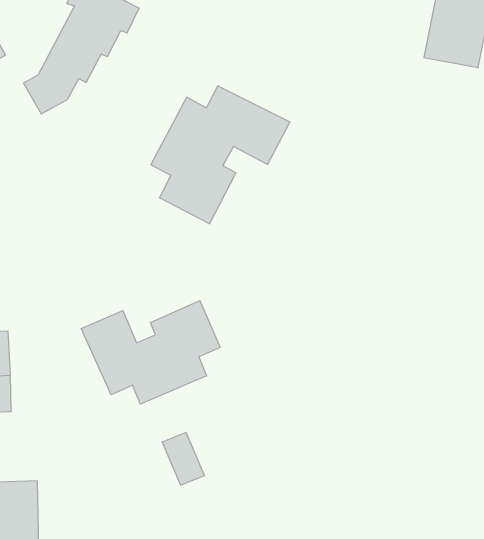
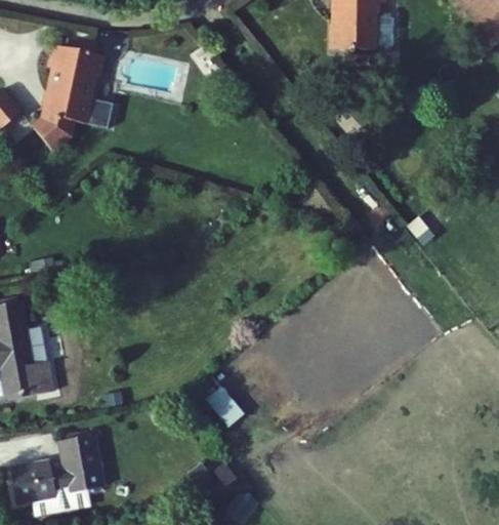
building: [151,86,290,224] -> none
building: [81,301,220,404] -> none

